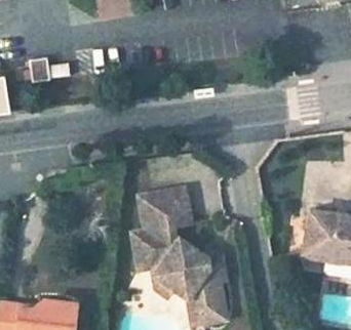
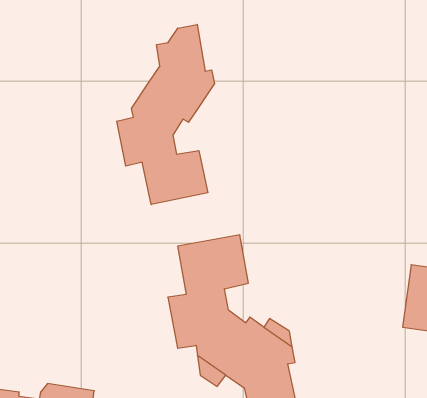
building: none -> [117,24,214,205]

